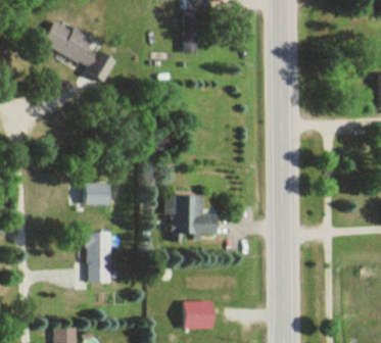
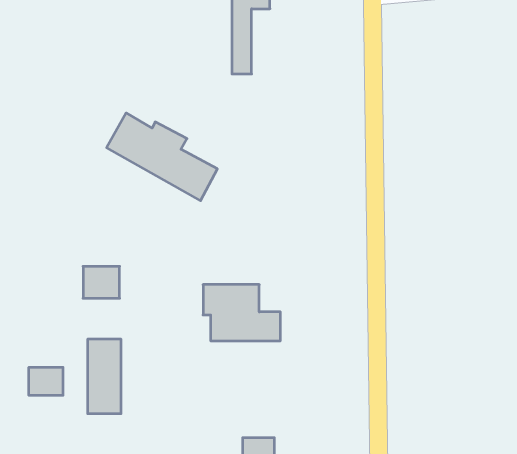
building: [41,20,115,80] -> [107,113,217,201]
building: none -> [29,367,63,395]

